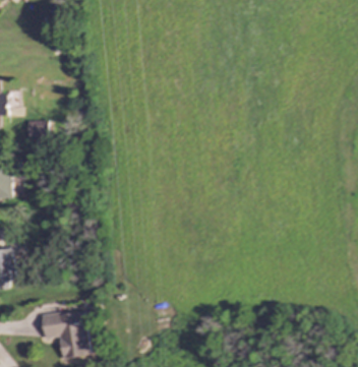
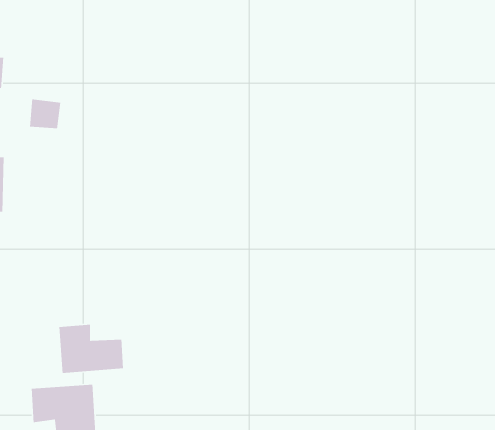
building: none -> [58,324,124,374]

